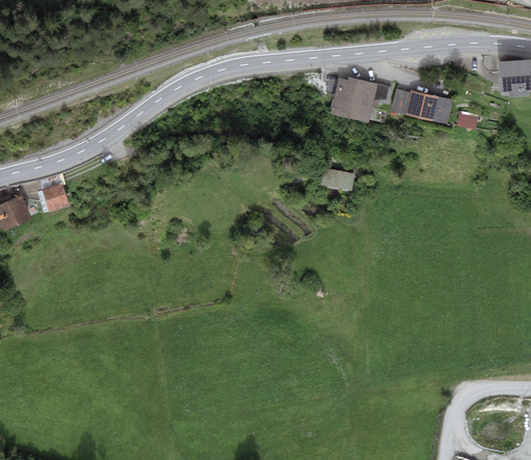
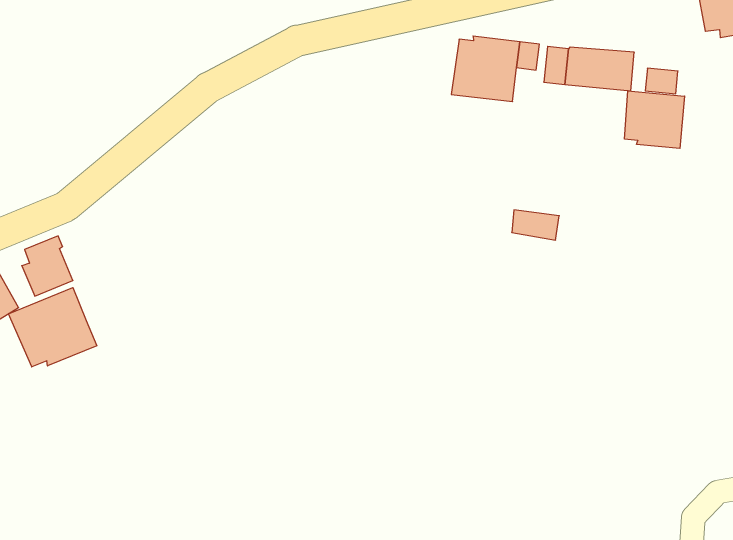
building: none -> [625,91,685,148]
building: [322,169,354,192] -> [512,210,559,240]
building: none -> [8,288,97,367]

